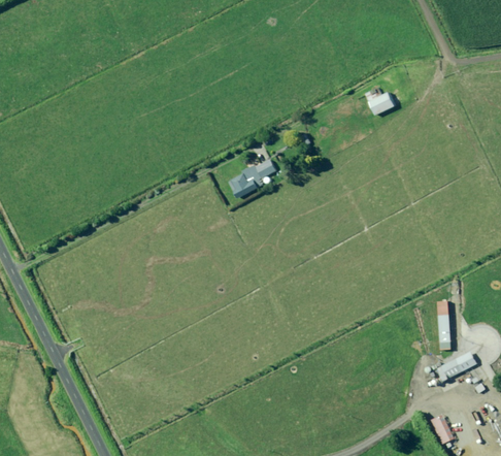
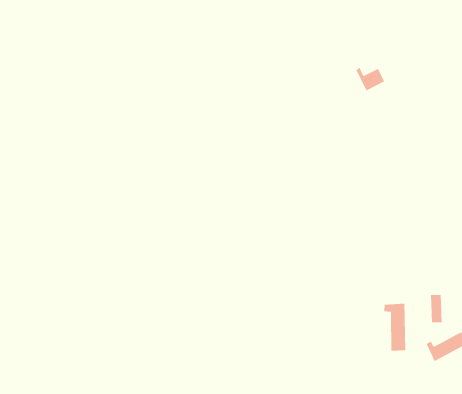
building: [229,160,274,198] -> none
building: none -> [384,303,406,352]

